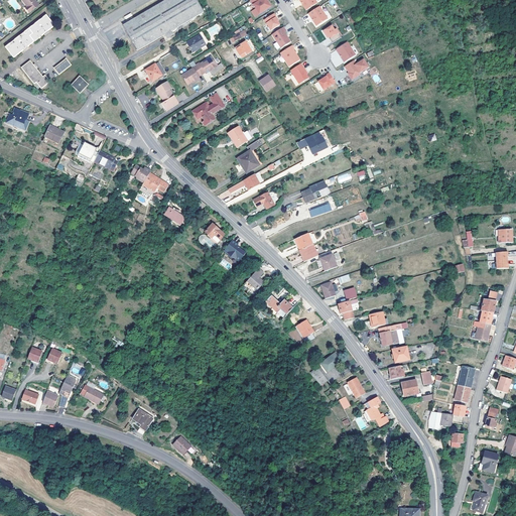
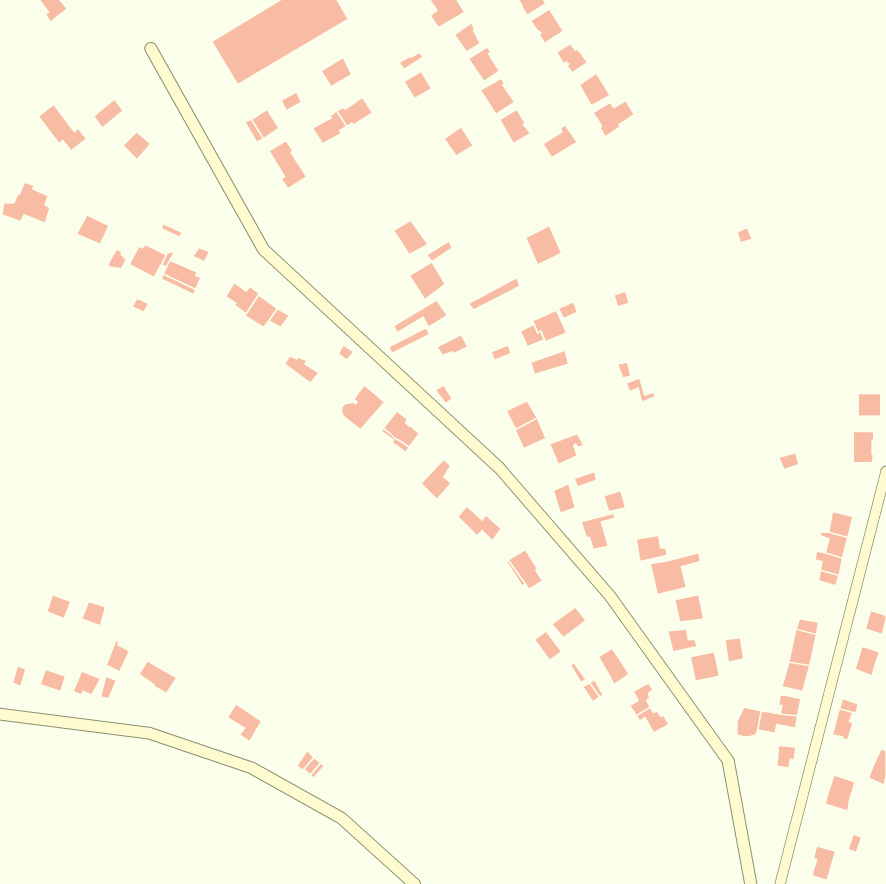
building: [6,14,55,58] -> none
building: [192,93,223,123] -> none

